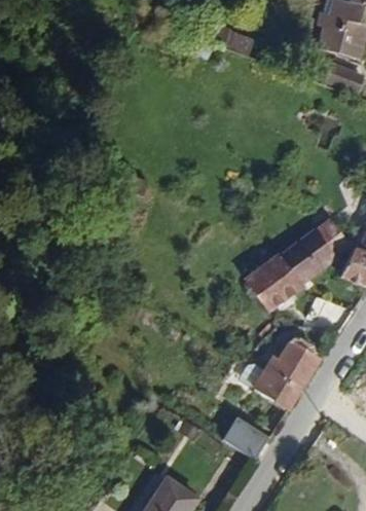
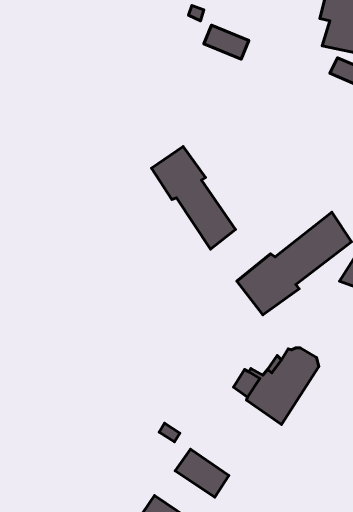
building: none -> [152,147,236,249]
building: [218,415,268,461] -> [175,449,229,497]

